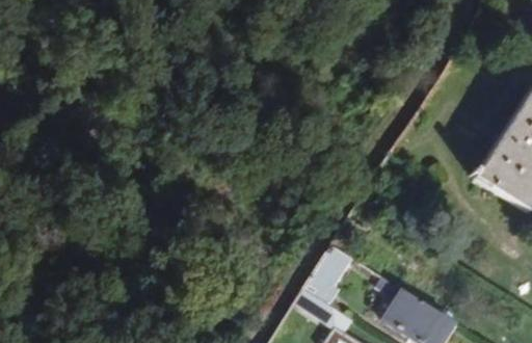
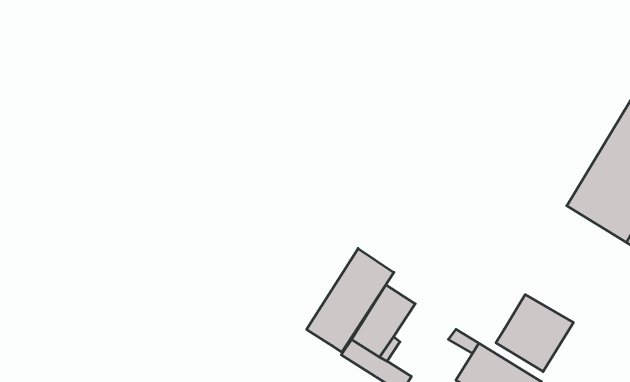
building: none -> [307,248,394,352]
building: none -> [496,295,573,372]

